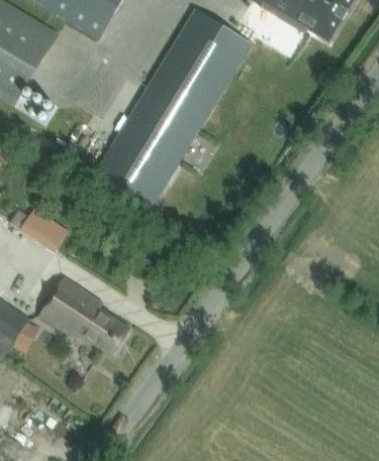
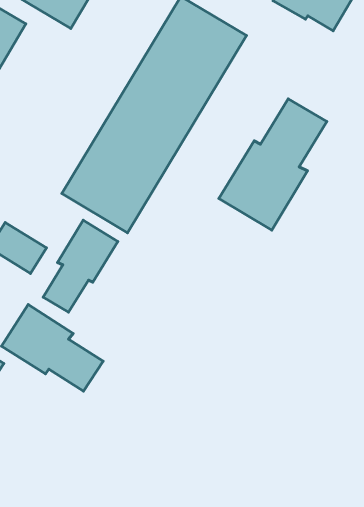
building: none -> [219,99,327,230]
building: none -> [43,220,118,312]

